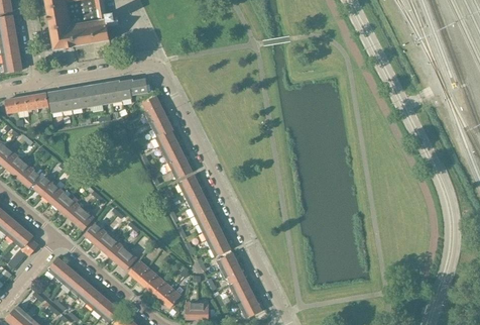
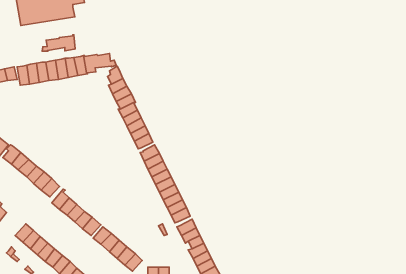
building: none -> [42,35,75,51]

